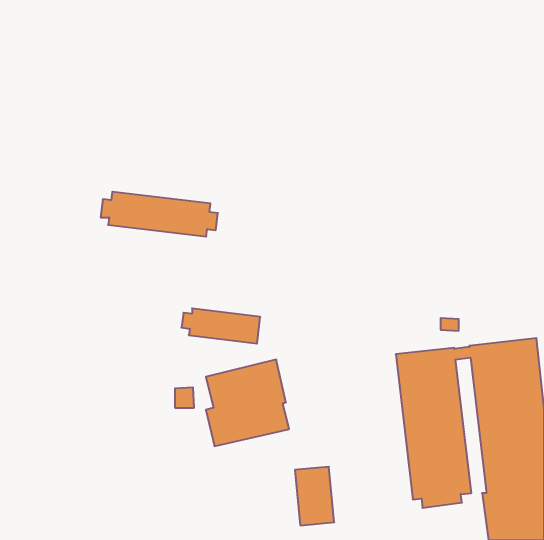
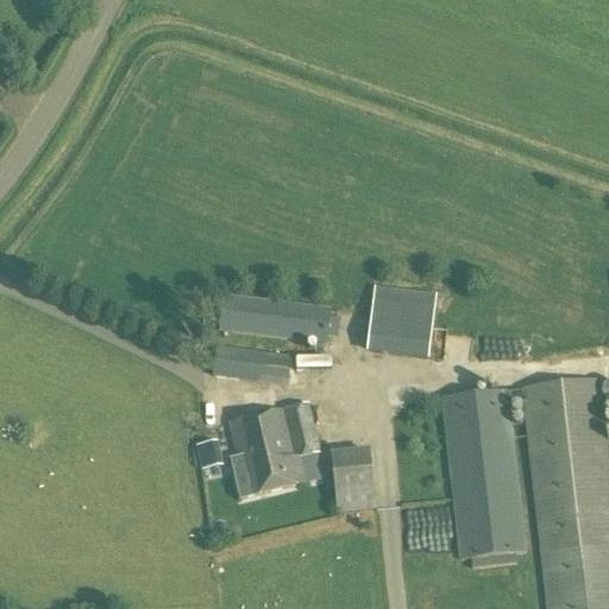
building: [101,192,218,237] -> [208,291,339,341]
building: none -> [365,282,437,354]
building: [295,467,334,525] -> [331,445,375,510]

